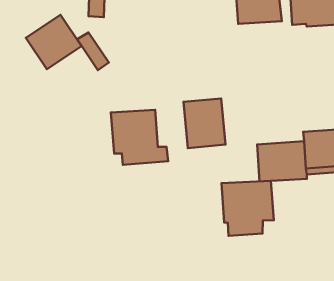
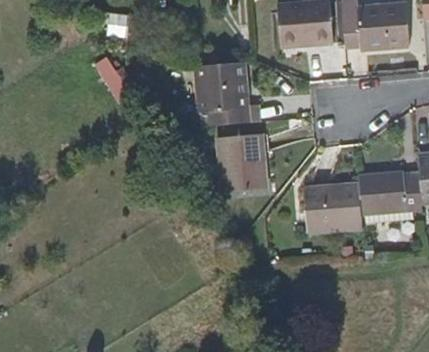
building: [26,15,81,69] -> none
building: [111,110,168,165] -> [194,61,261,125]
building: [222,181,274,236] -> none

